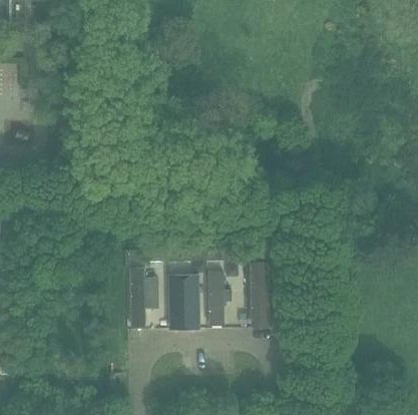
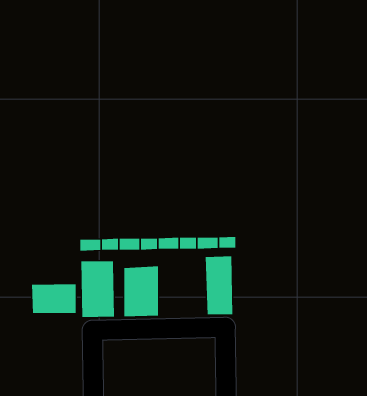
building: [204,266,232,325] -> none
building: none -> [32,283,76,314]

